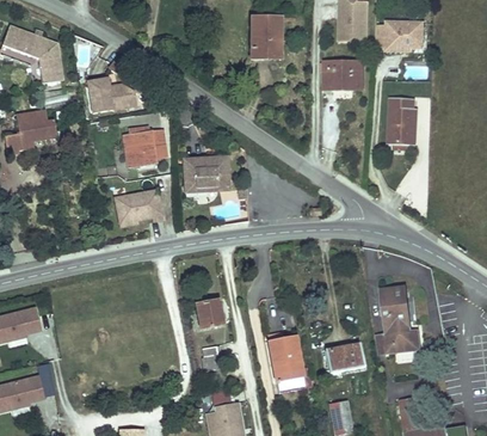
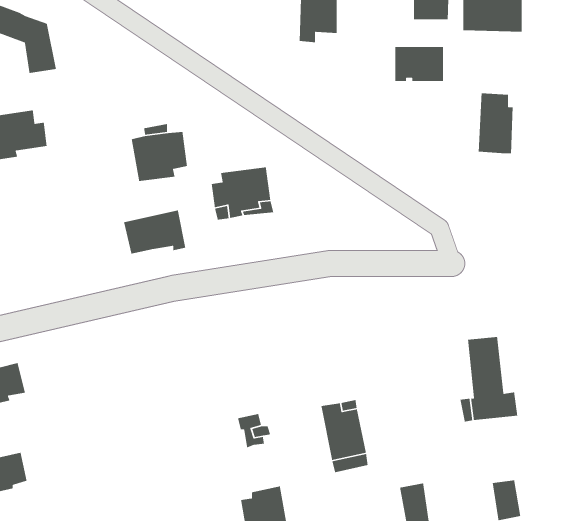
building: [88,76,138,112] -> none
building: [197,300,222,328] -> none
building: [325,345,363,374] -> none

